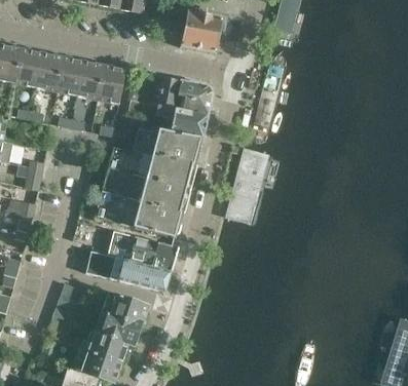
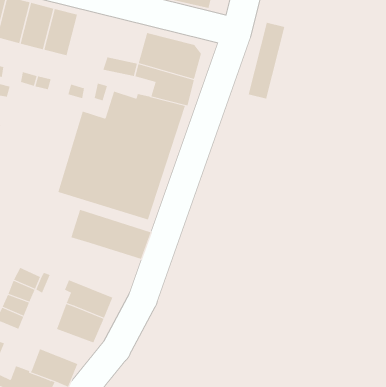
building: [97,64,125,103] -> none
building: [225,148,267,221] -> none
building: [85,249,170,292] -> none
building: [86,332,133,362] -> none

